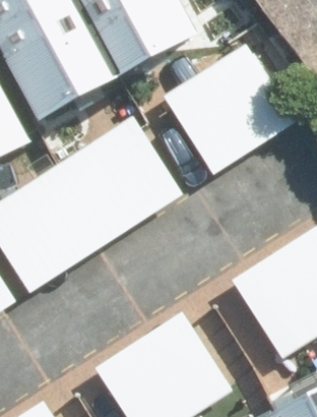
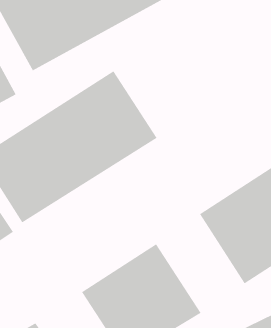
building: [163,43,296,174] -> none

